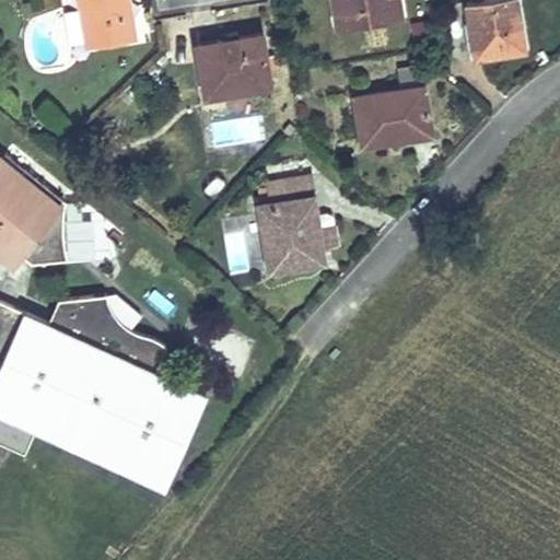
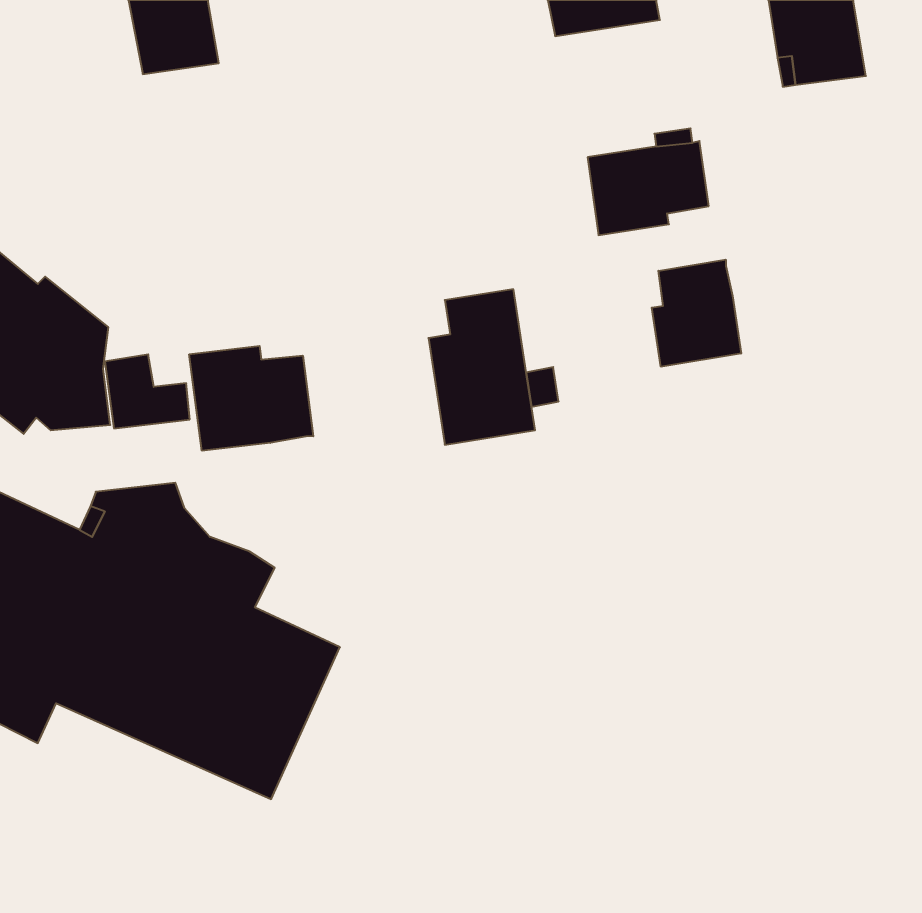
building: [196,38,269,101] -> none
building: none -> [652,260,741,367]
building: none -> [189,346,313,451]

